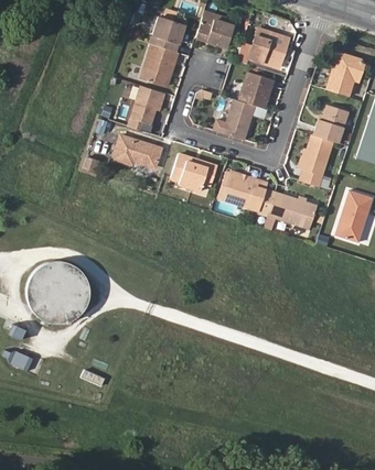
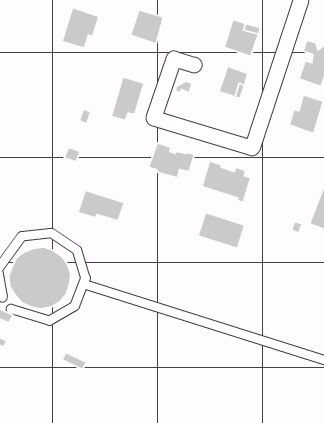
building: [195,15,232,46] -> none
building: [139,42,178,84] -> [62,8,99,48]
building: [211,97,253,138] -> none
building: [298,134,335,185] -> none
building: [114,135,162,167] -> [78,190,125,221]
building: [267,189,315,227] -> [198,212,245,249]

